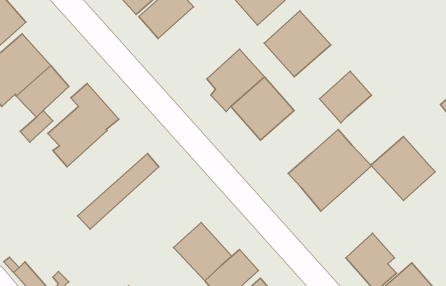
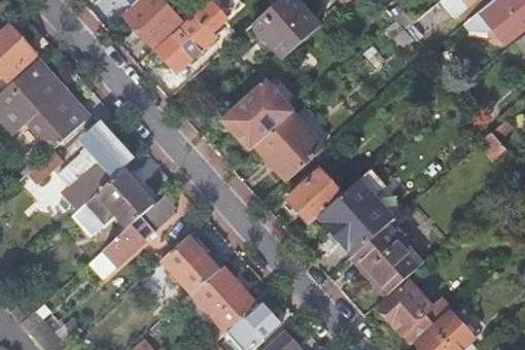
building: [264,11,331,77] -> none
building: [320,71,371,123] -> [287,168,343,223]
building: none -> [73,170,153,235]
building: [371,136,435,201] -> [352,225,421,294]
building: none -> [162,236,219,293]

